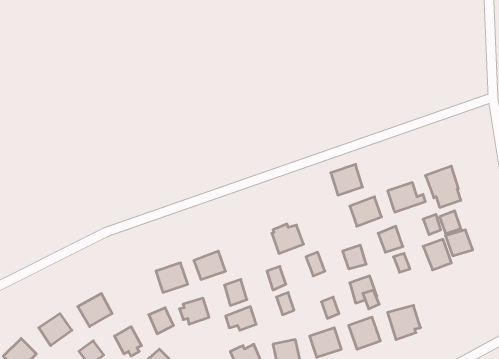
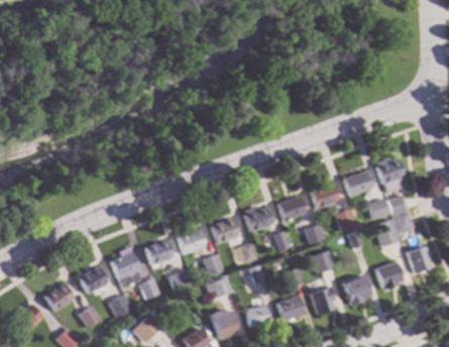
building: [331,164,363,195] -> [278,195,306,221]
building: none -> [212,218,239,242]
building: none -> [409,246,434,272]
building: none -> [112,251,142,287]
building: none -> [377,261,405,288]

